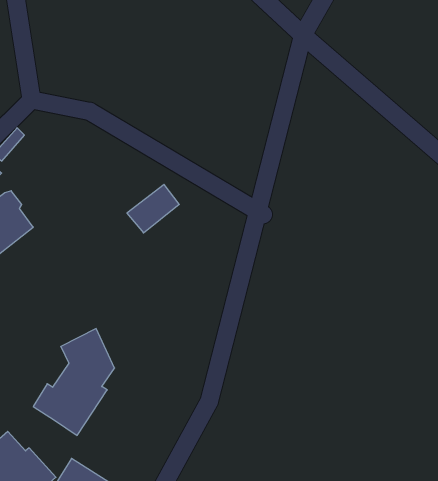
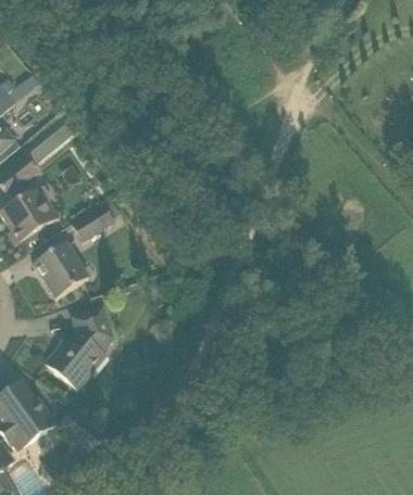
building: [127,184,179,233] -> [70,202,113,240]
building: none -> [32,240,88,296]

